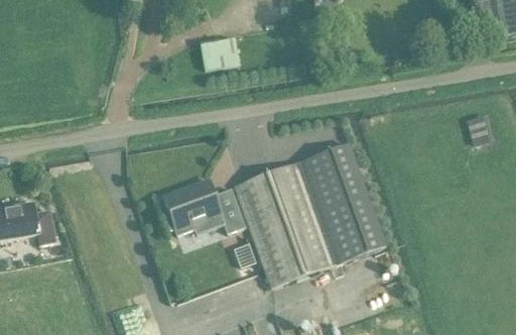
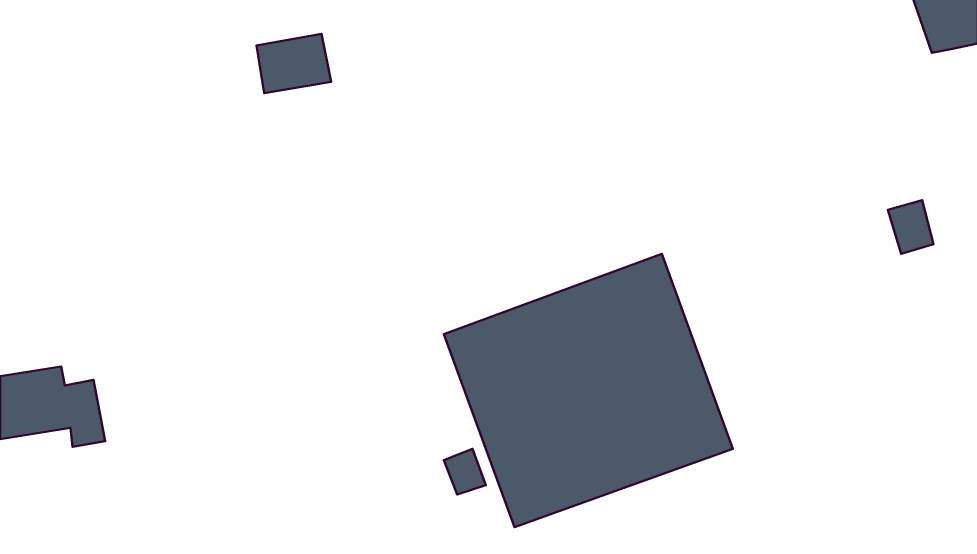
building: [200,36,239,68] -> [257,34,331,93]
building: [162,178,245,234] -> none

